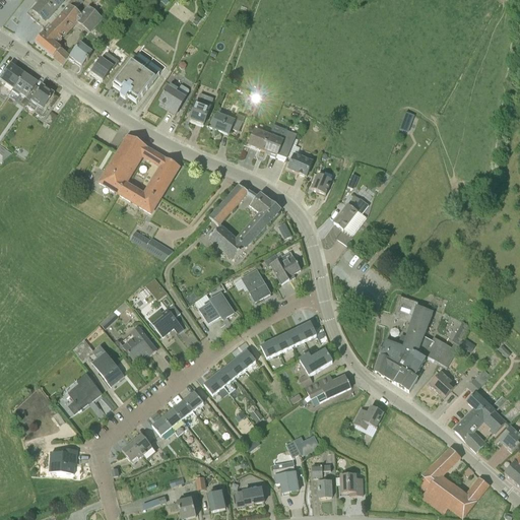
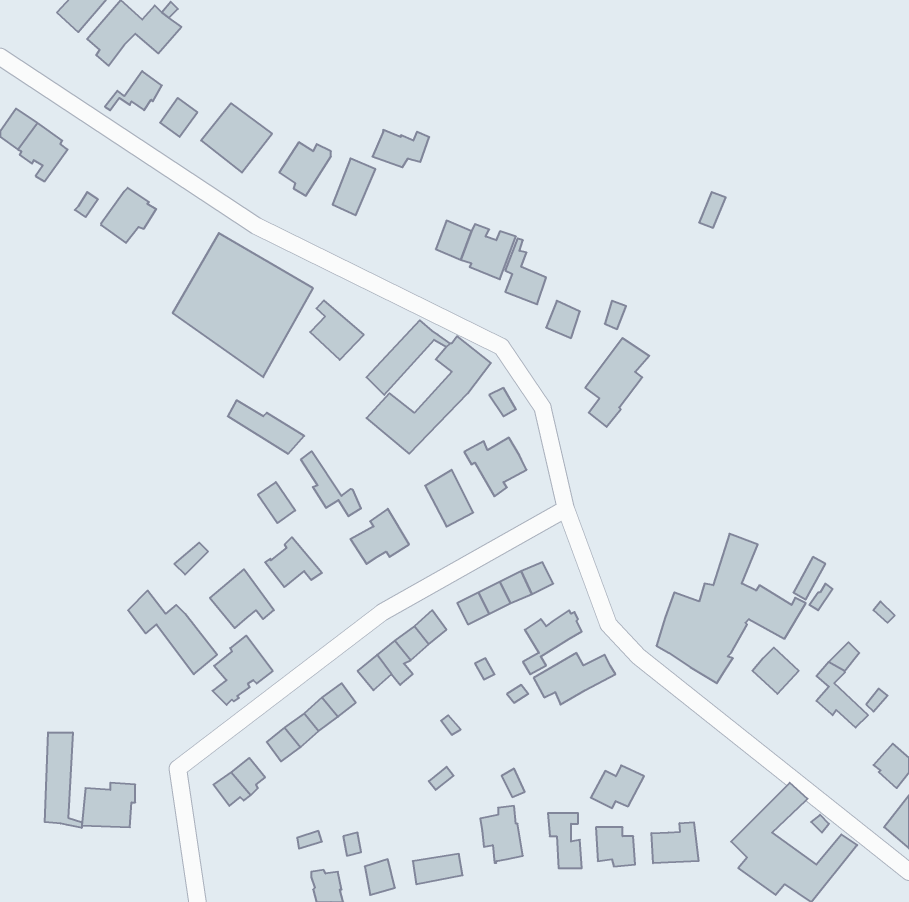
building: [35,22,62,56] -> none
building: [25,83,57,115] -> [101,188,156,243]
building: [211,111,244,132] -> [372,130,429,167]
building: none -> [310,300,364,360]
building: none -> [301,451,361,516]
building: [67,372,102,411] -> [212,636,273,705]
building: [353,404,384,429] -> [591,765,644,808]
building: [455,405,507,451] -> none
building: none -> [45,732,82,828]
building: none -> [651,822,699,863]

